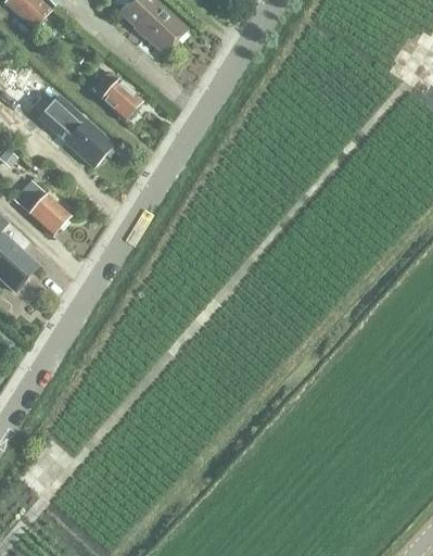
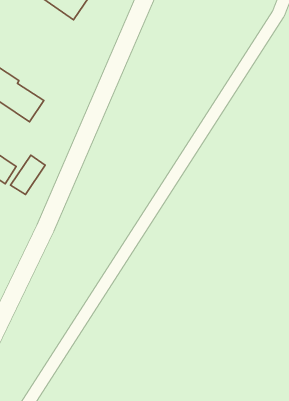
building: [91,70,142,119] -> none
building: none -> [10,155,45,194]

